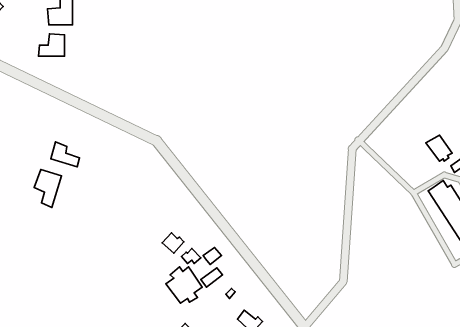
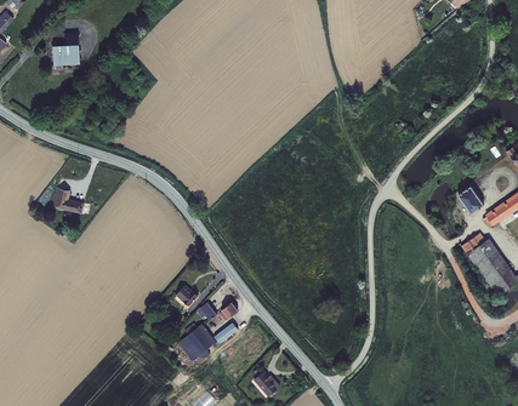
building: [38,34,65,56] -> none
building: [34,169,62,208] -> none

